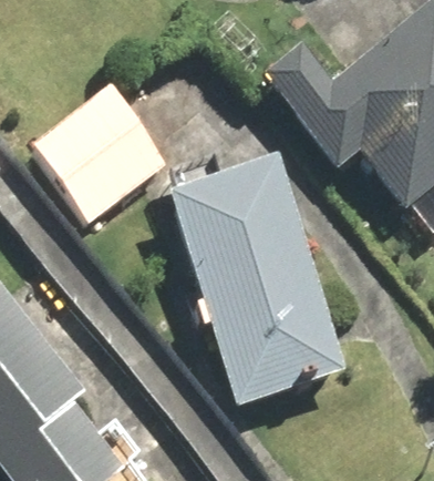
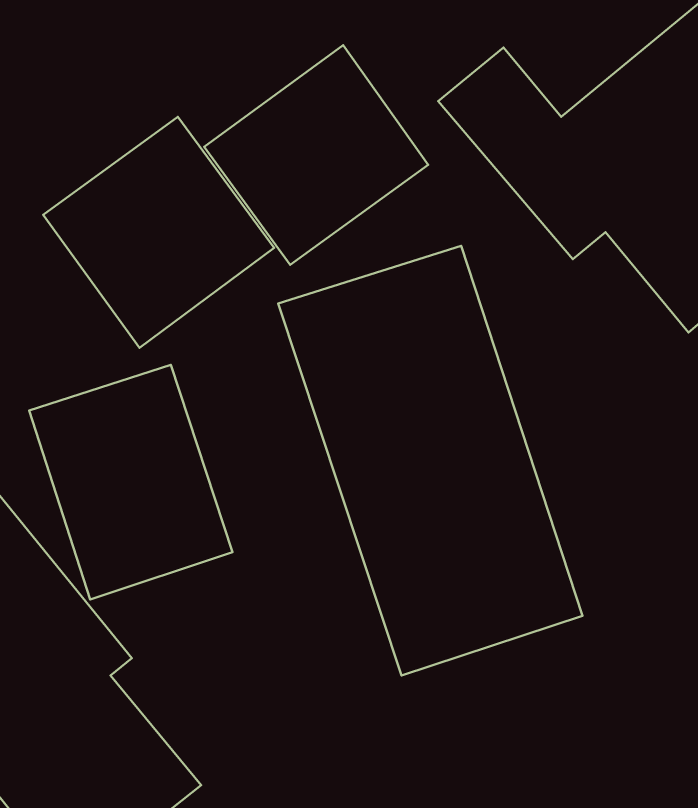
building: none -> [204,45,428,265]
building: none -> [29,365,233,600]

